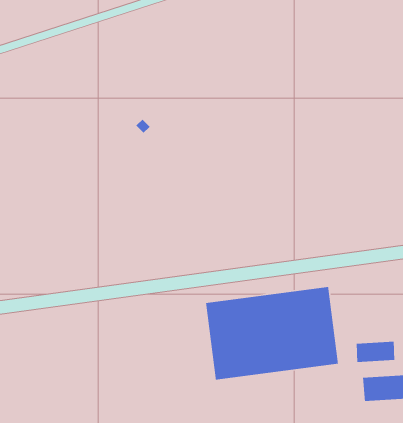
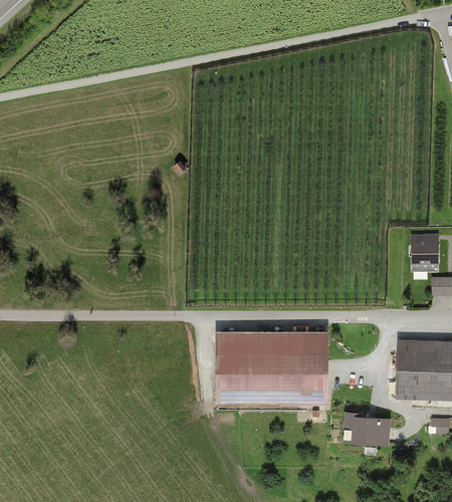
building: [356,341,395,363] -> none

